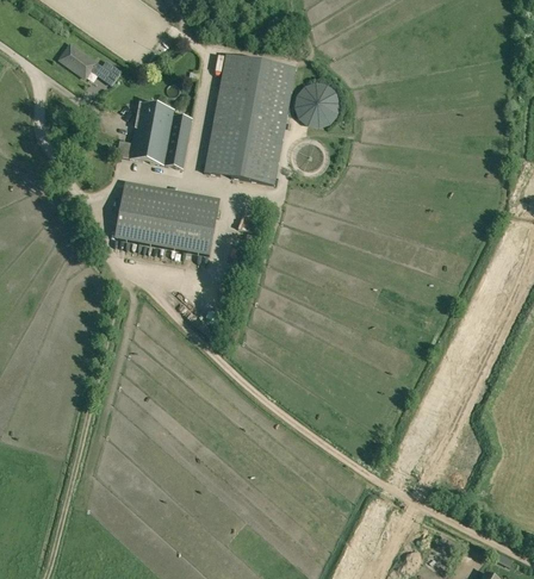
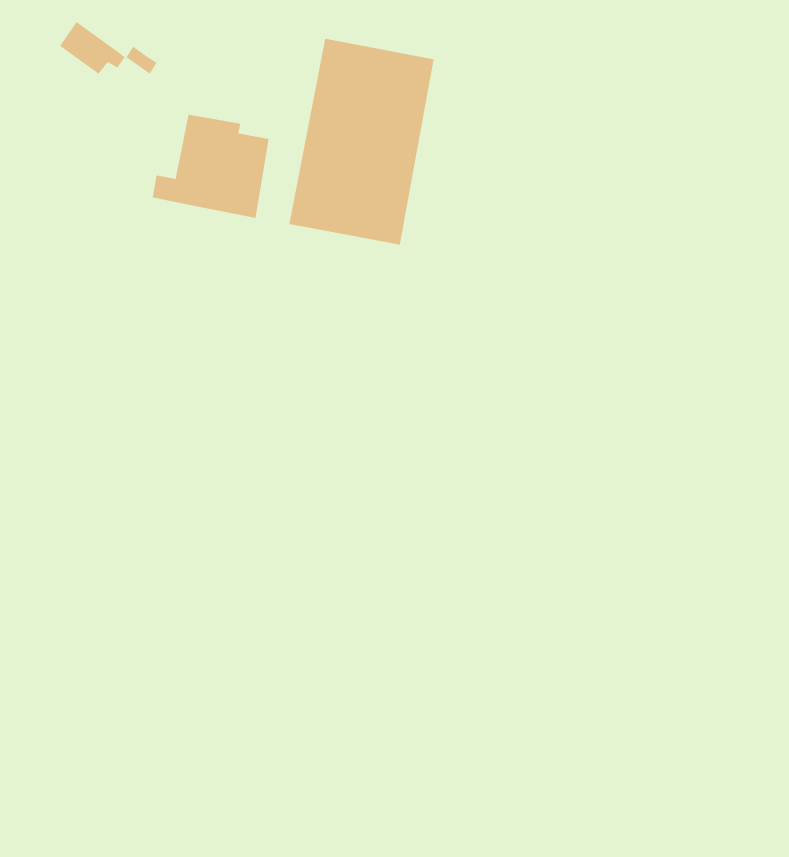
building: [299,76,340,122] -> none
building: [114,189,217,254] -> none

